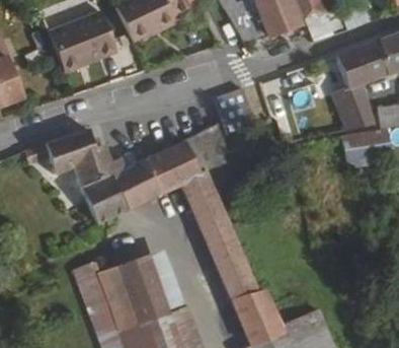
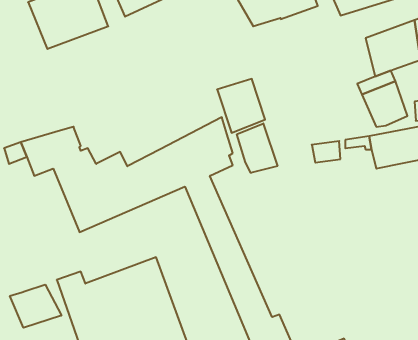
building: none -> [237,123,277,173]
building: none -> [10,285,61,328]

